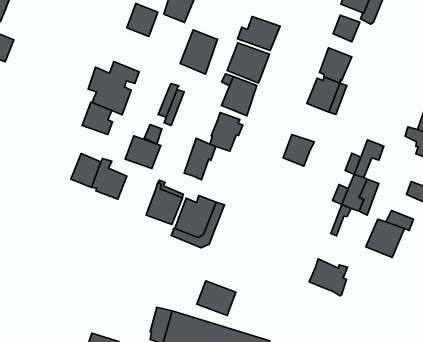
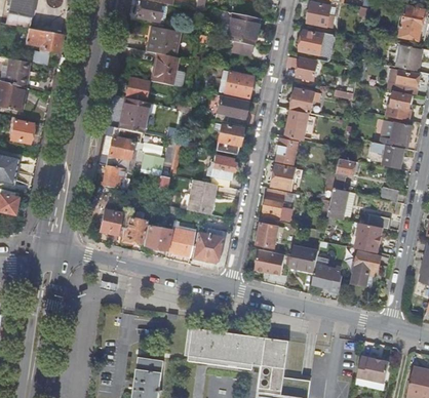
building: [180,30,218,74] -> [118,98,146,133]
building: none -> [276,138,298,164]
building: [125,136,161,169] -> [143,226,170,250]
building: none -> [263,188,292,221]
building: none -> [257,223,278,247]
building: none -> [289,245,318,272]
building: none -> [351,251,380,285]
building: [197,281,236,315] -> [254,248,284,274]

